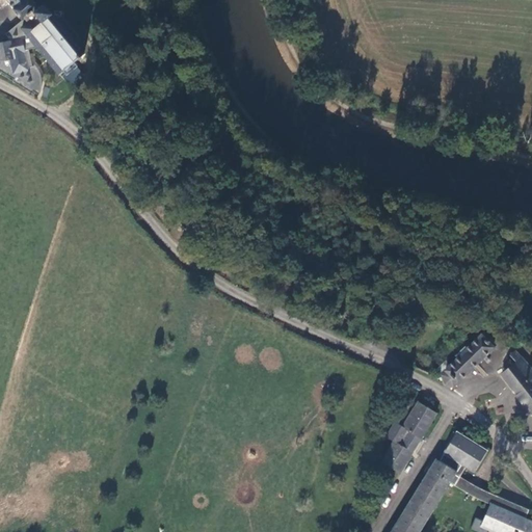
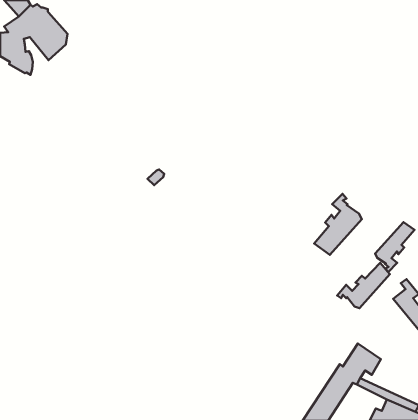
building: none -> [314,194,362,255]
building: none -> [375,222,415,272]
building: [382,403,438,475] -> none

